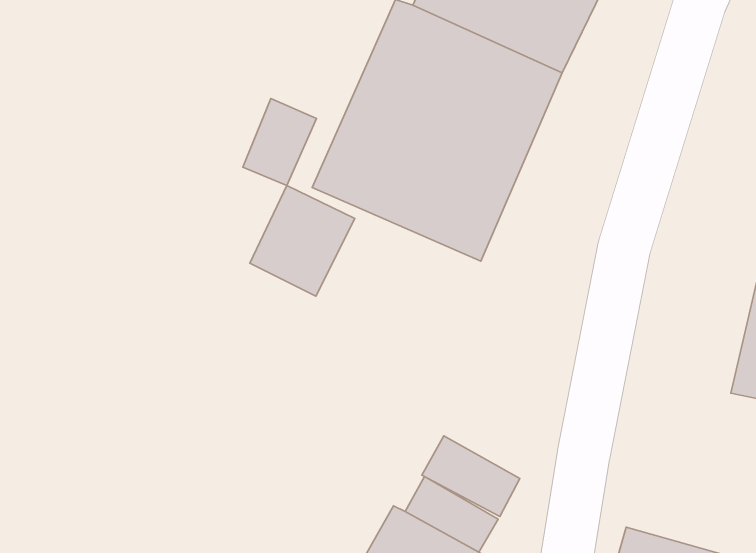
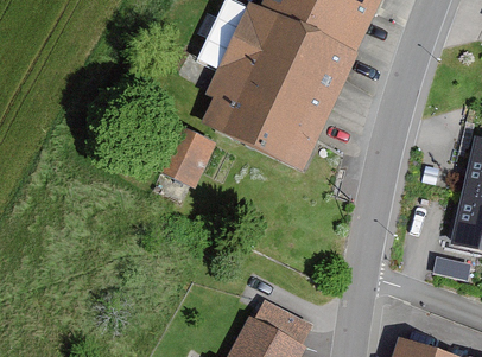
building: [243,99,316,186] -> none
building: [422,436,520,517] -> none

